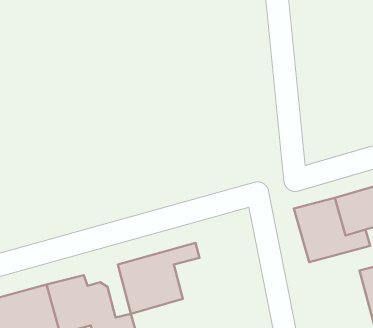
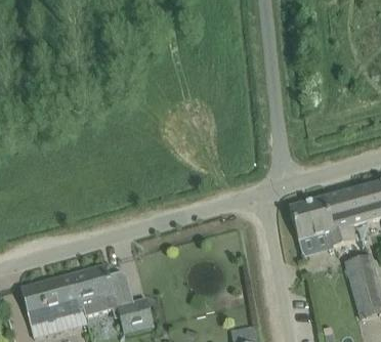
building: [118,243,199,314] -> none

